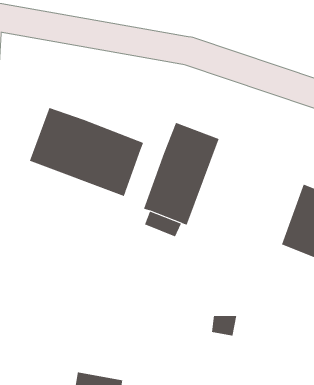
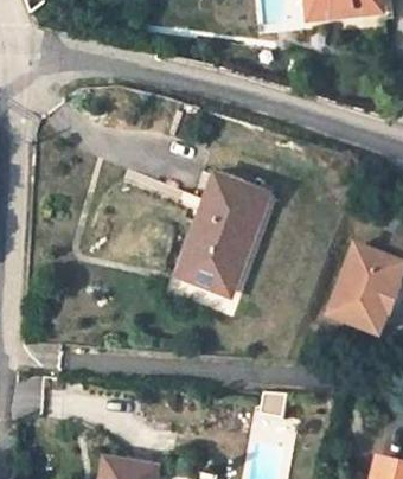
building: [29,107,144,197] -> none

